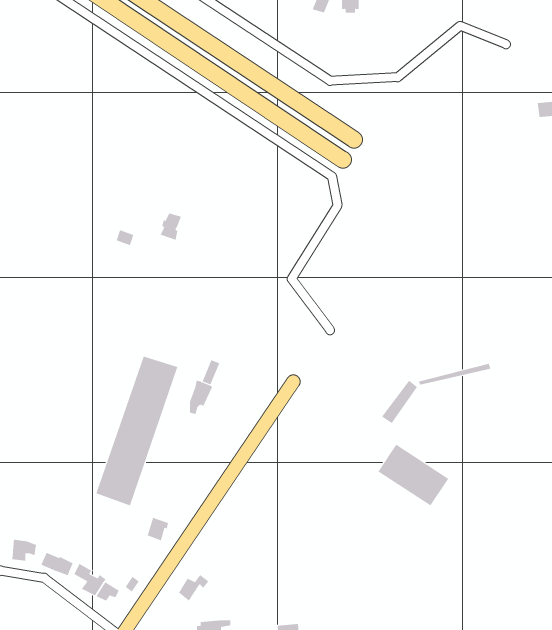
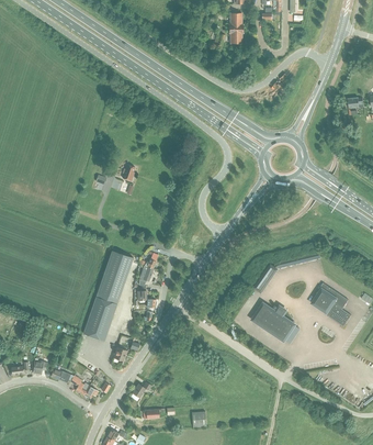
building: none -> [312,282,350,326]

